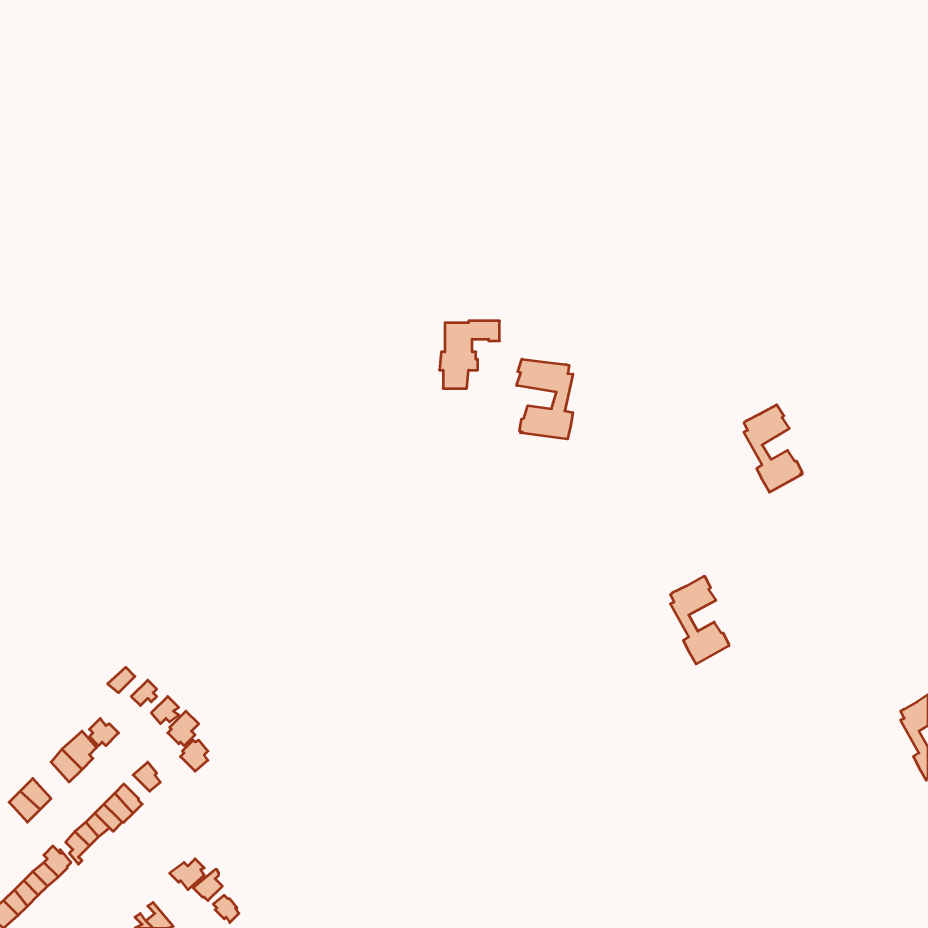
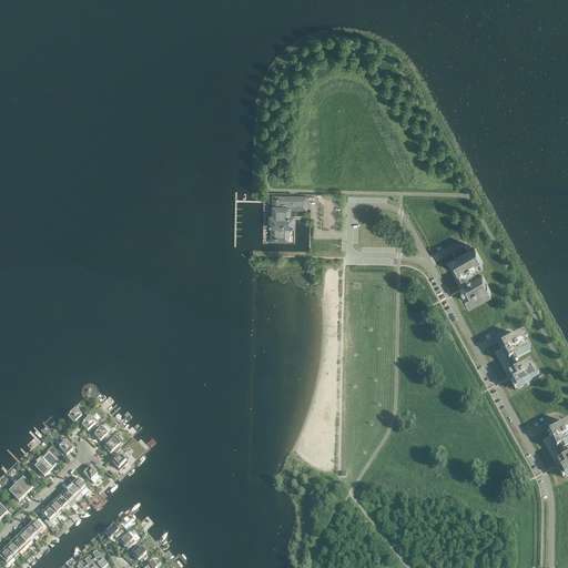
building: [517,359,573,439] -> none
building: [670,577,729,664] -> [500,334,536,387]

